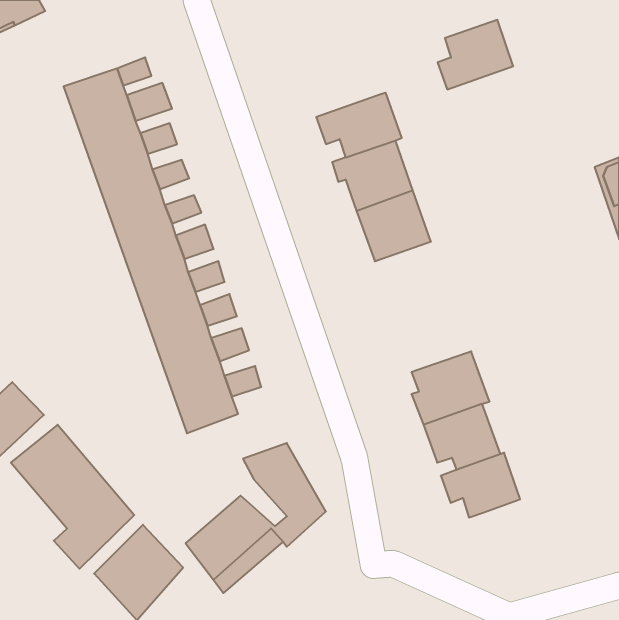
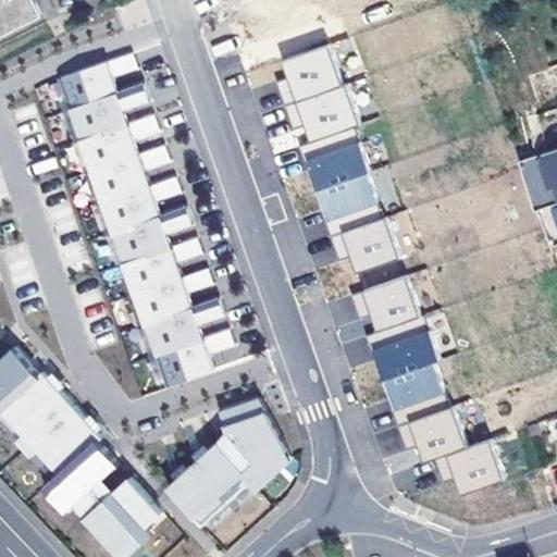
building: [438,20,513,89] -> [273,46,341,108]
building: none -> [327,220,396,276]
building: none -> [351,276,417,331]
building: none -> [431,441,500,497]

